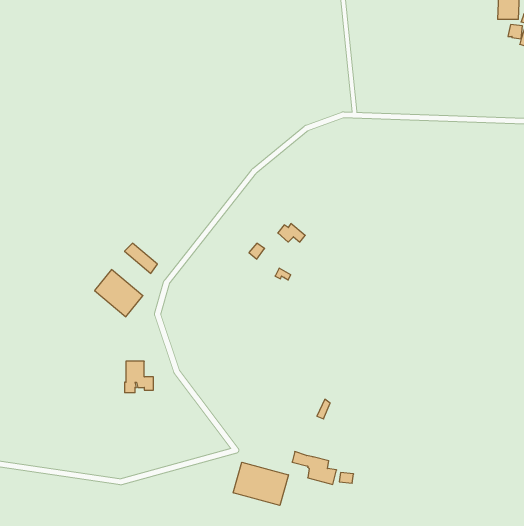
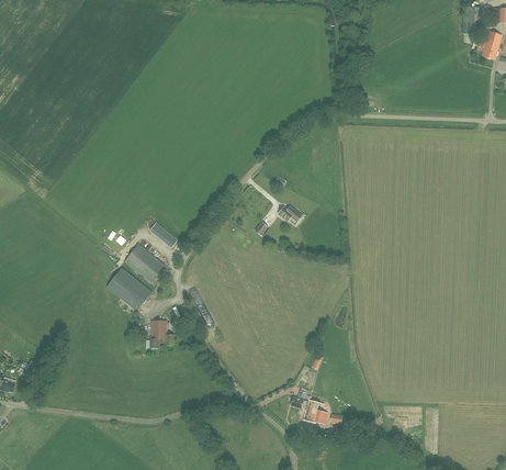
building: none -> [108,267,153,311]
building: [233,462,288,505] -> none

